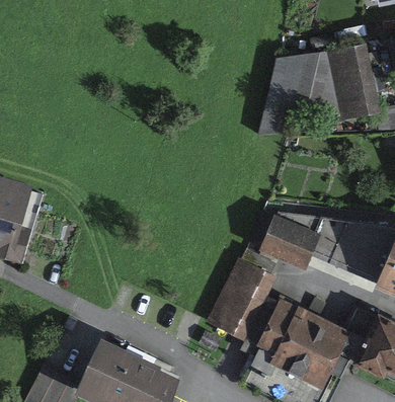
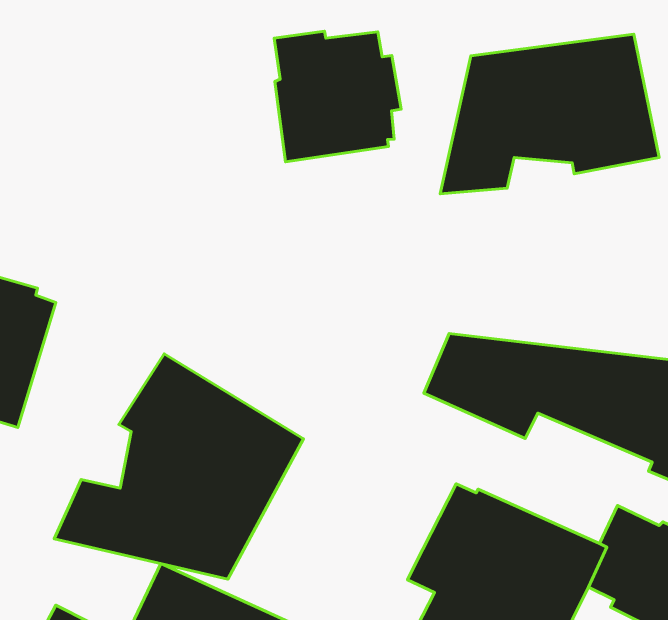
building: none -> [274,31,401,162]
building: none -> [54,354,304,579]
building: [206,249,278,341] -> none

